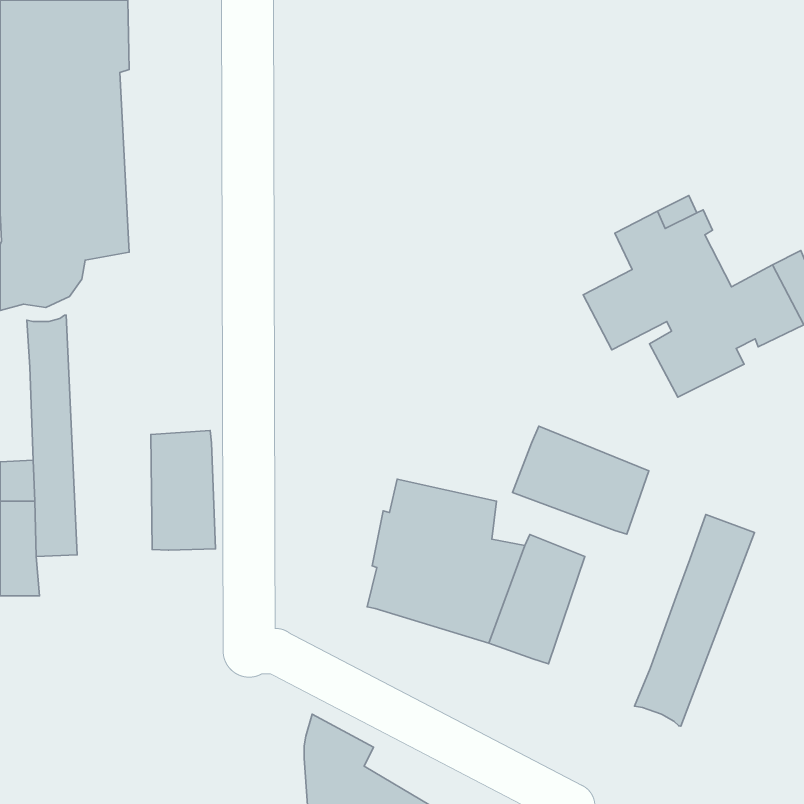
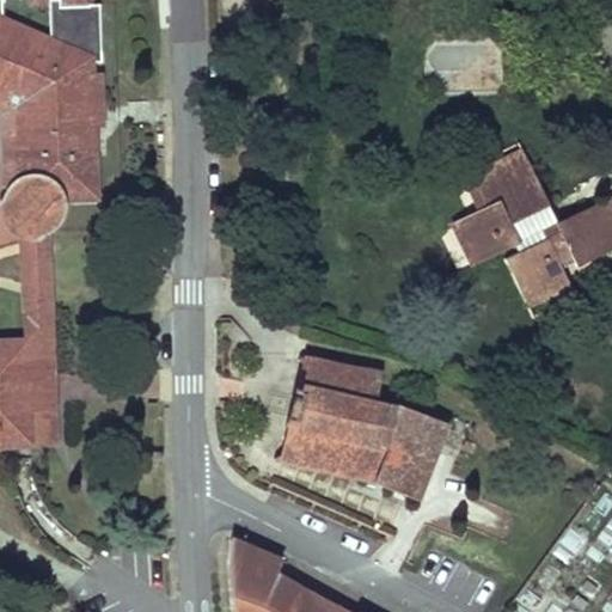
building: [513,426,649,534] -> none
building: [151,431,216,550] -> none
building: [635,514,755,726] -> none

